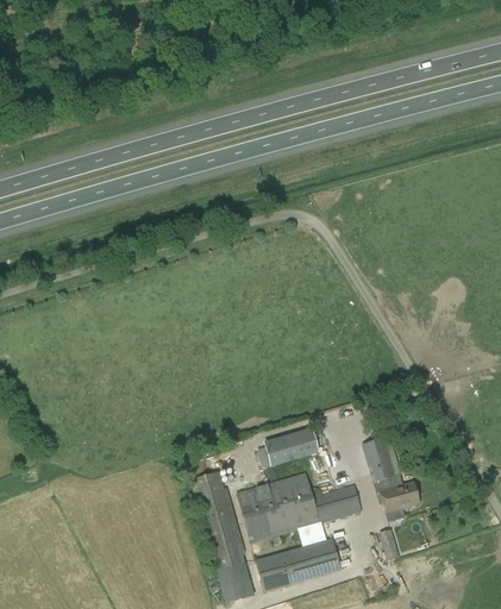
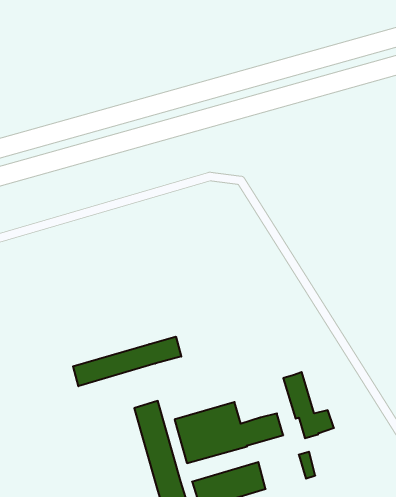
building: none -> [73,337,181,386]
building: [265,426,321,465] -> none

